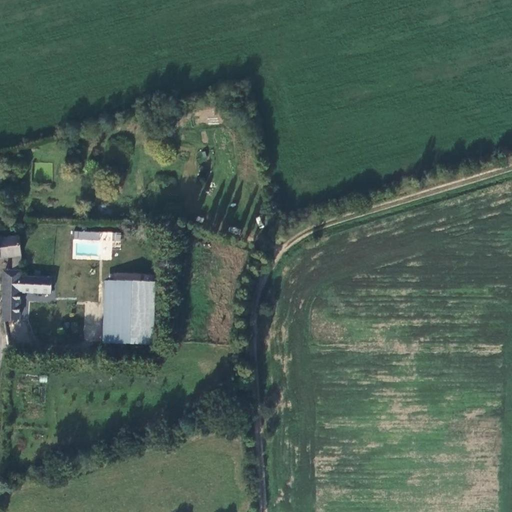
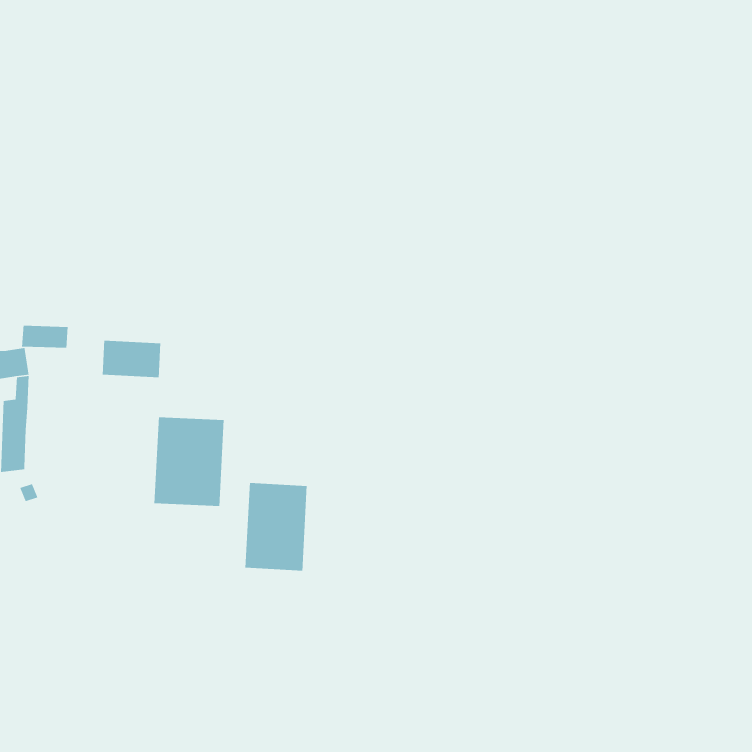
building: [18,276,50,292] -> [21,325,69,349]
building: none -> [245,482,308,572]

